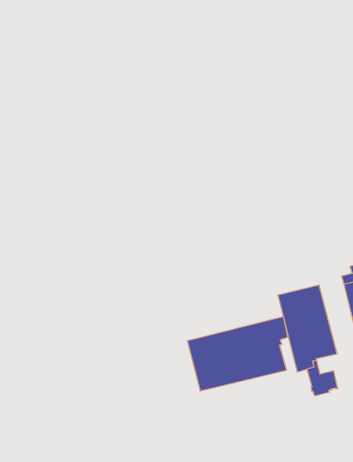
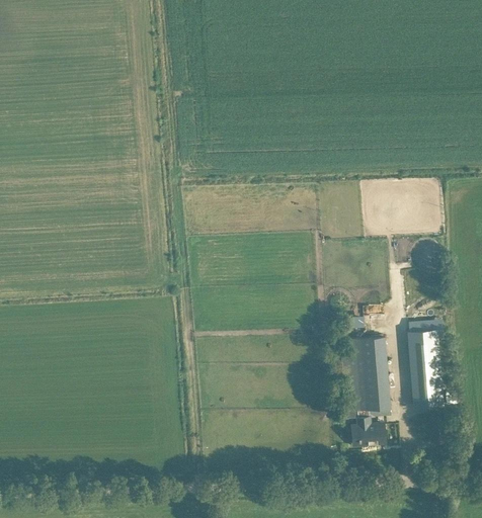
building: [187,317,287,391] -> none

